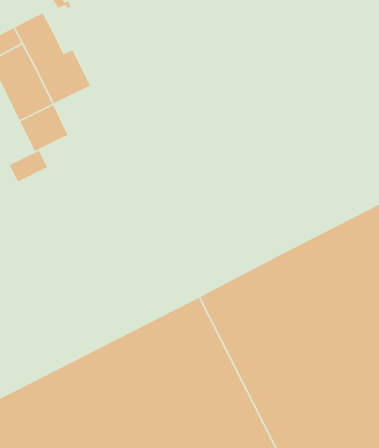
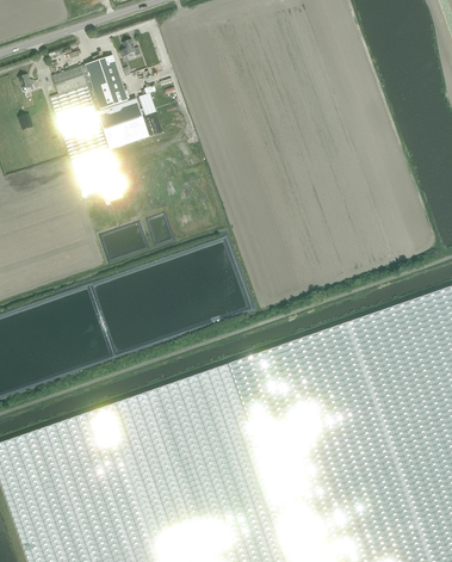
building: [9,150,48,182] -> none

